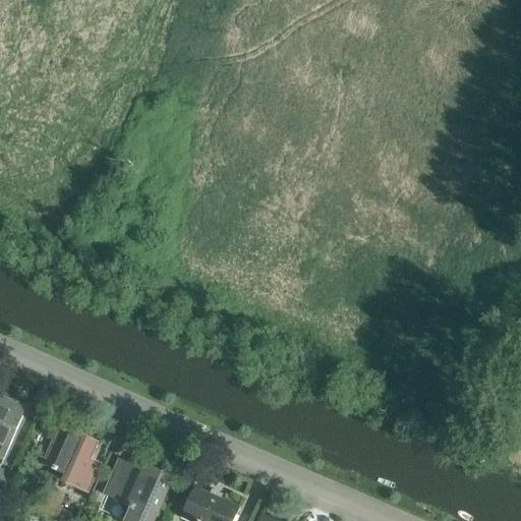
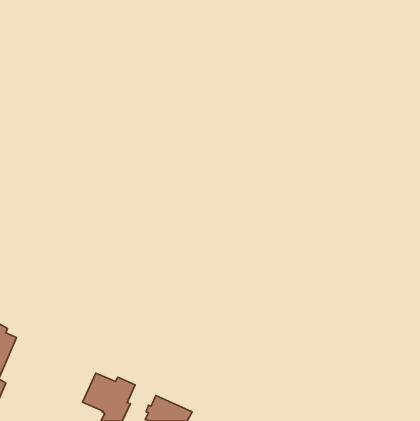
building: [41,426,98,491] -> none

